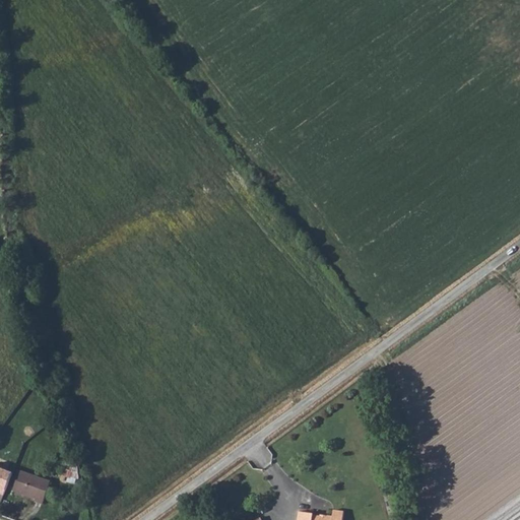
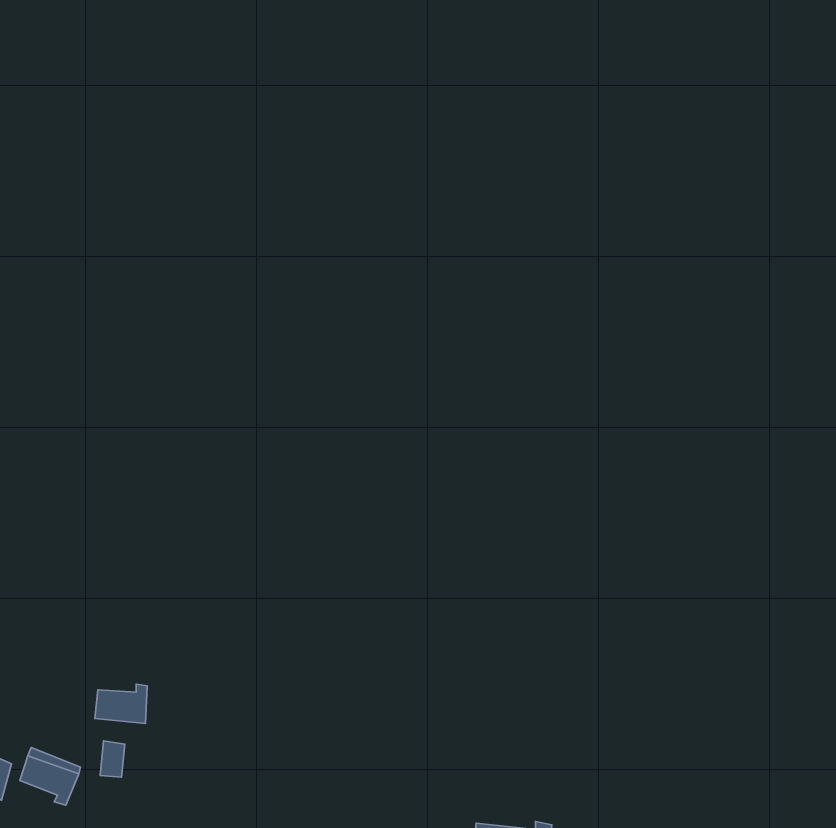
building: none -> [95,684,147,723]

